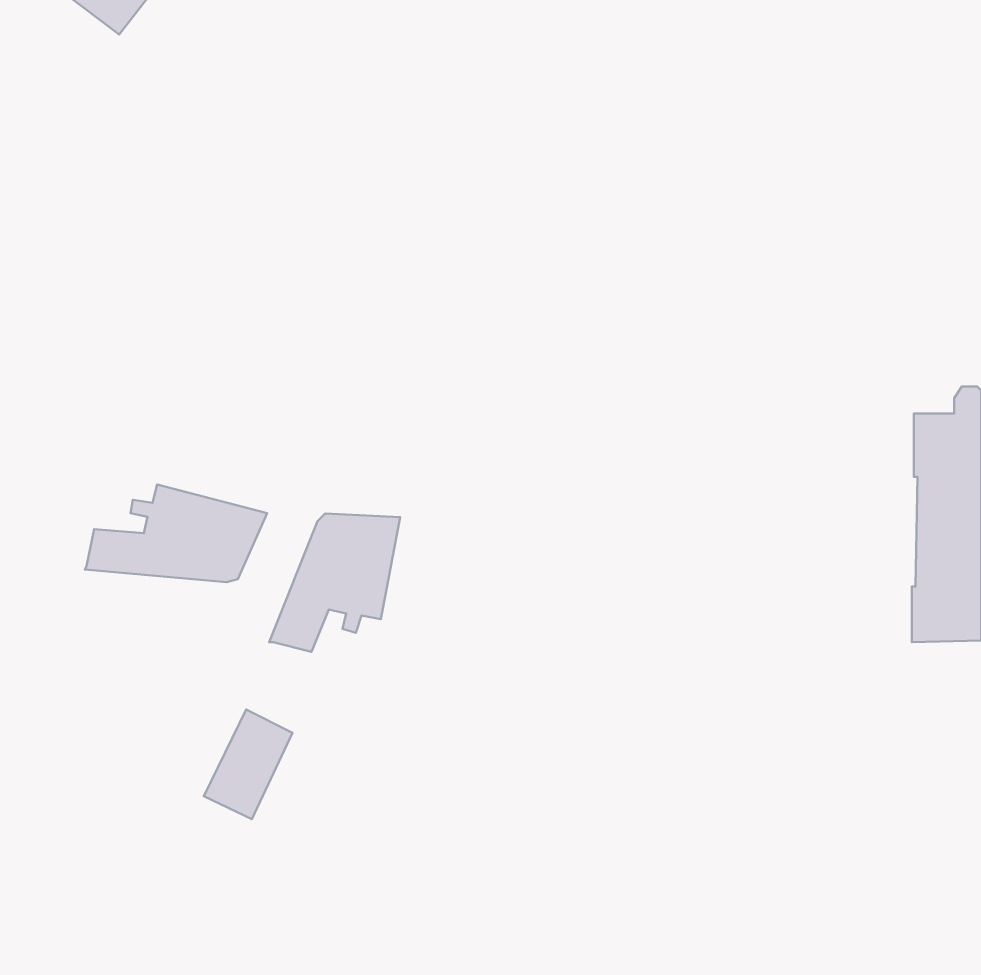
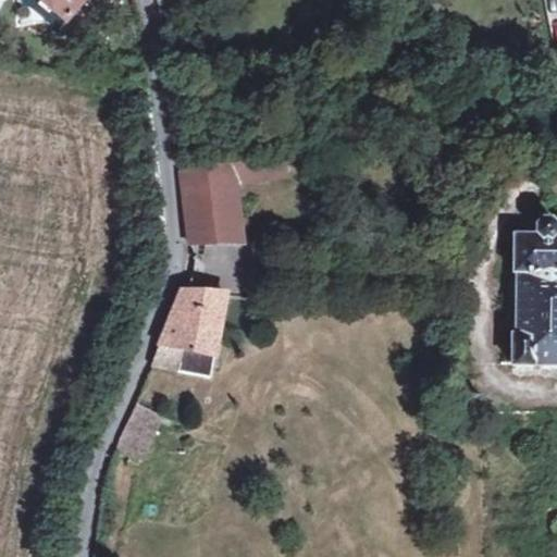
building: none -> [181,160,240,242]
building: [85,485,267,582] -> none

